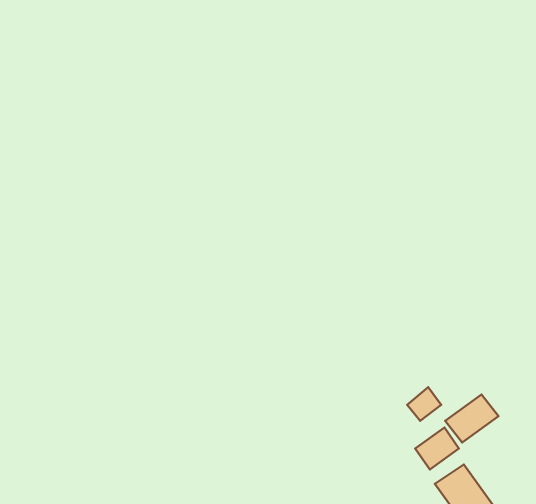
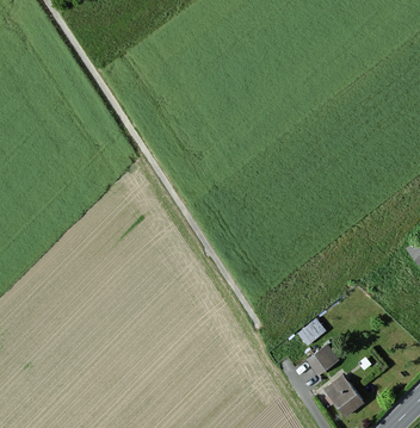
building: [445,394,499,442] -> none

